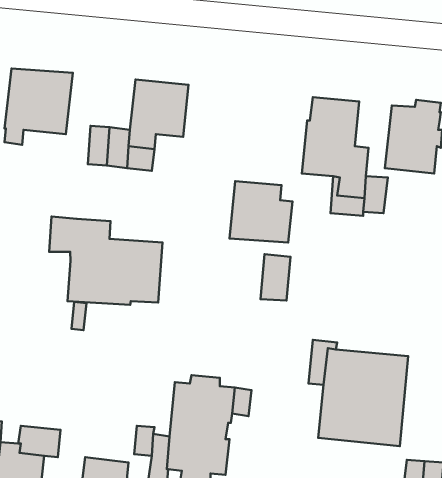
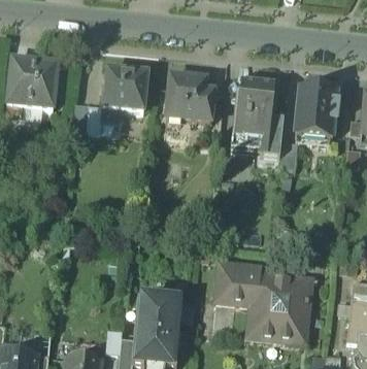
building: [230,181,292,242] -> [168,72,215,119]
building: [49,216,162,305] -> none
building: [260,254,290,300] -> [219,261,241,296]

